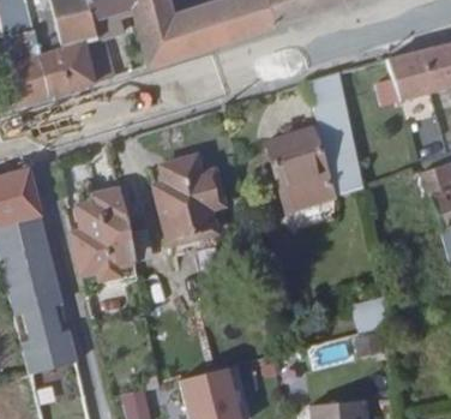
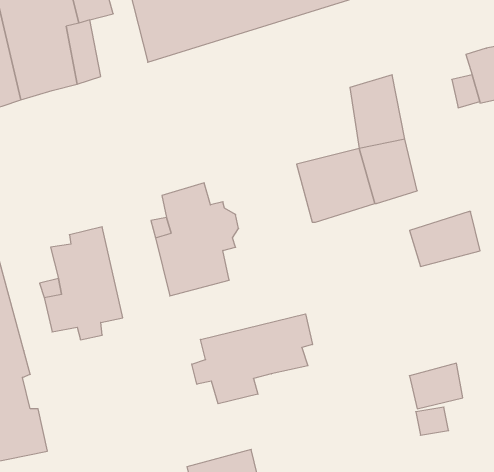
building: [281,174,335,216] -> [410,212,480,266]
building: none -> [192,314,312,404]

